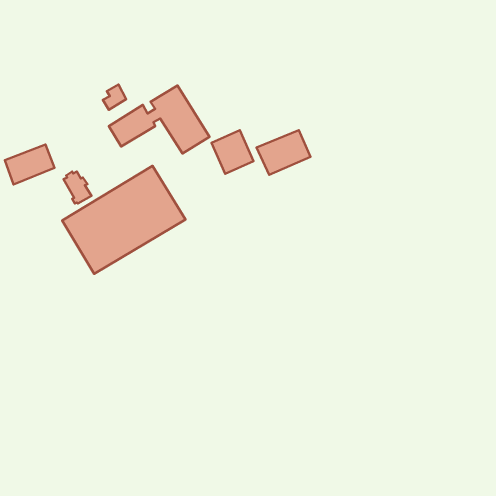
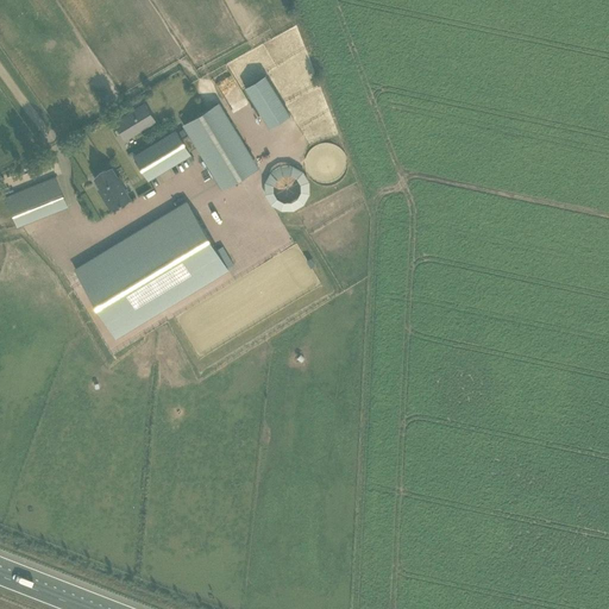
building: none -> [240,74,287,128]
building: [256,130,311,175] -> none
building: [63,172,91,204] -> [95,169,130,208]

